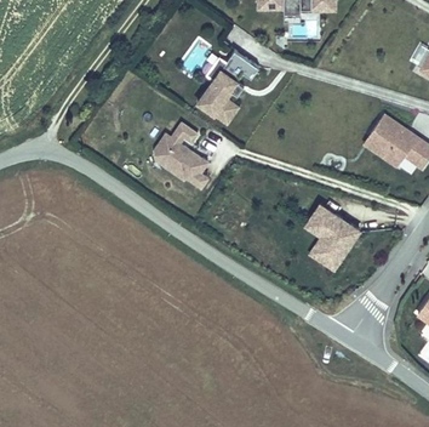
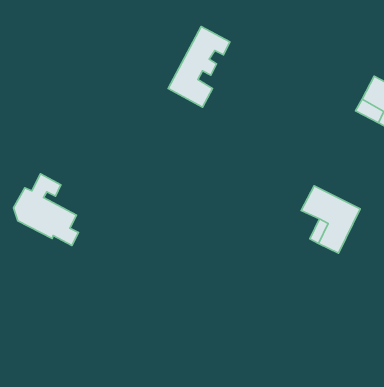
building: [155,123,211,190] -> [14,174,79,246]

